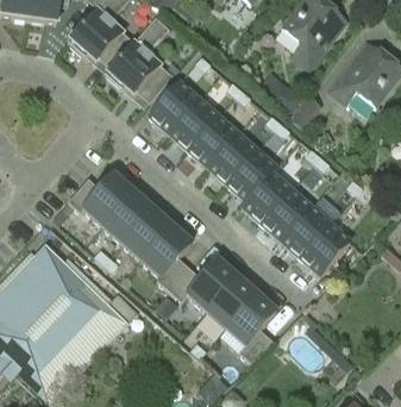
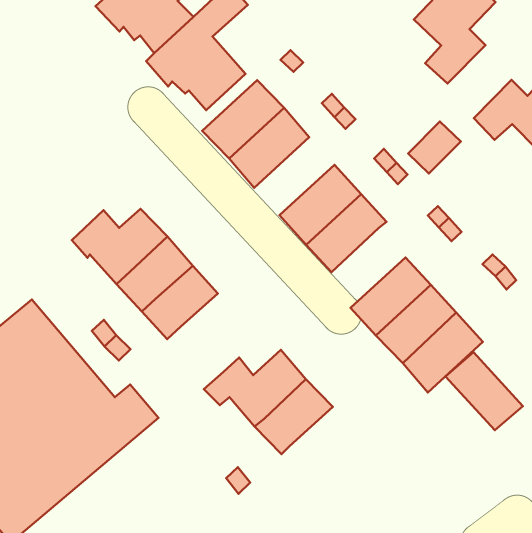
building: [187,112,239,167] -> none
building: [240,168,294,224] -> none
building: [139,224,193,289] -> none
building: none -> [445,352,523,430]
building: [225,292,275,361] -> none

